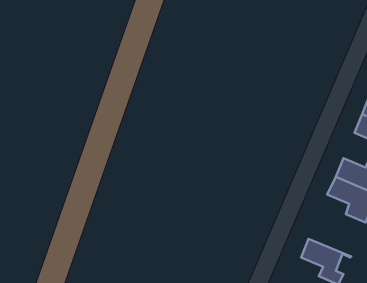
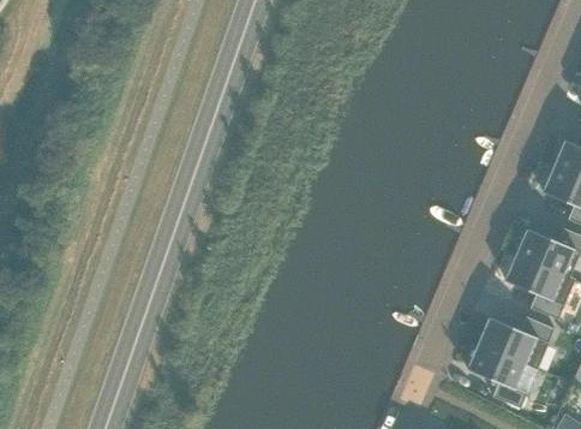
building: none -> [477,316,553,368]

